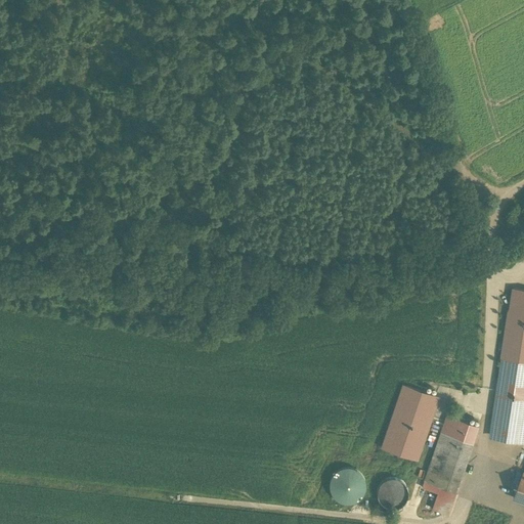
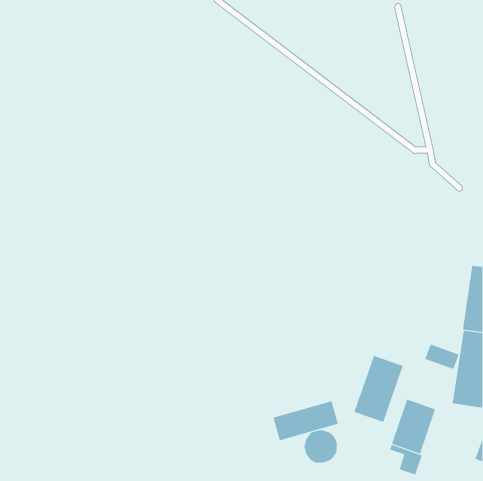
building: [440,418,478,445] -> [424,344,459,369]
building: none -> [273,400,338,441]
building: [377,479,408,510] -> none

